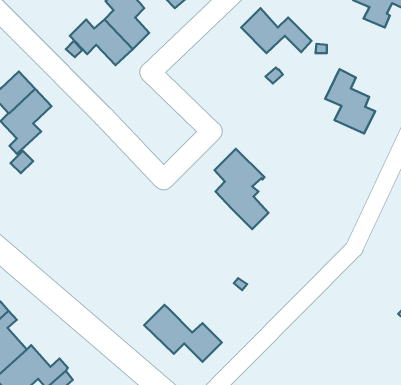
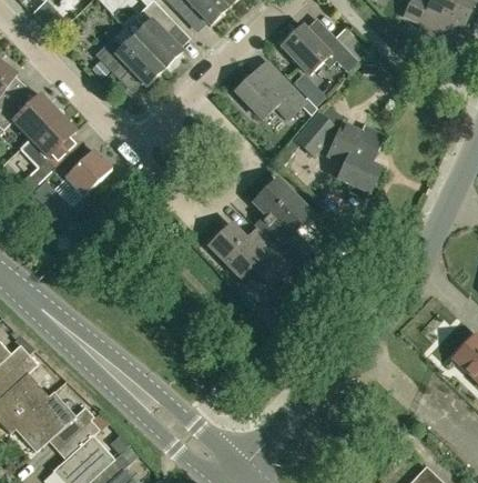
building: none -> [235,61,305,119]
building: [325,69,375,133] -> [327,122,382,192]
building: none -> [293,113,334,157]
building: none -> [51,150,112,197]
building: [144,305,222,362] -> [209,223,293,285]

